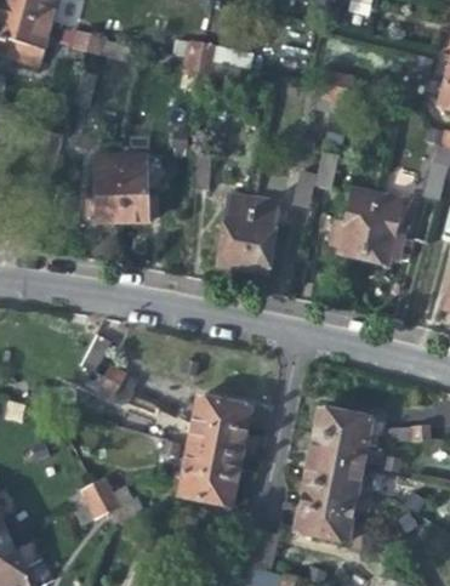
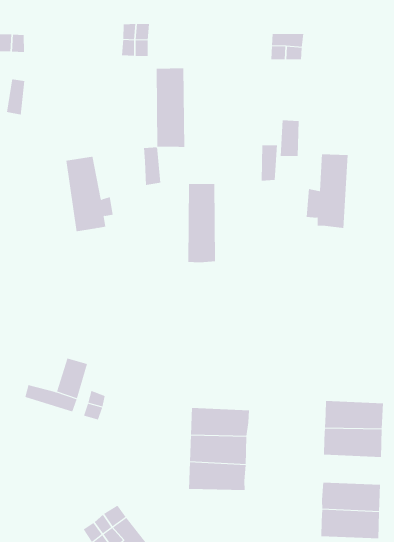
building: [87,155,123,221] -> none
building: [363,192,404,262] -> none
building: [243,198,279,273] -> [156,68,185,148]
building: [306,457,363,493] -> none
building: [180,468,235,505] -> none

